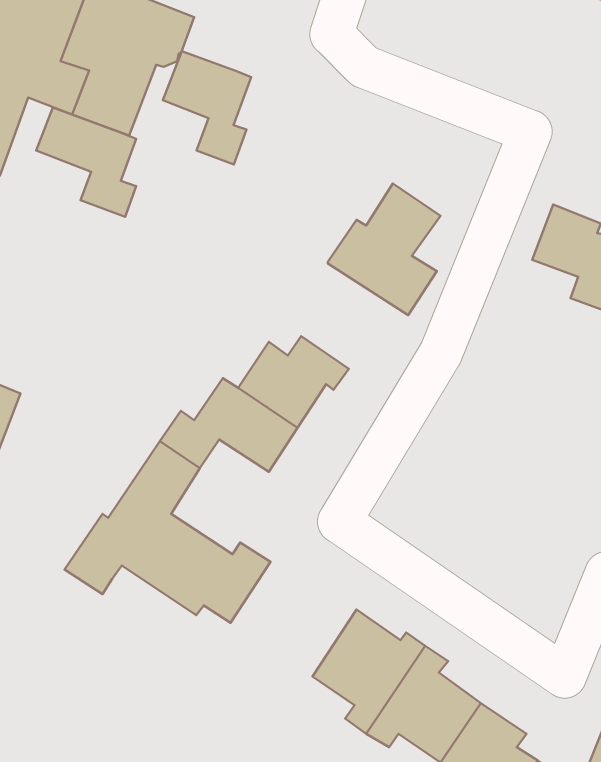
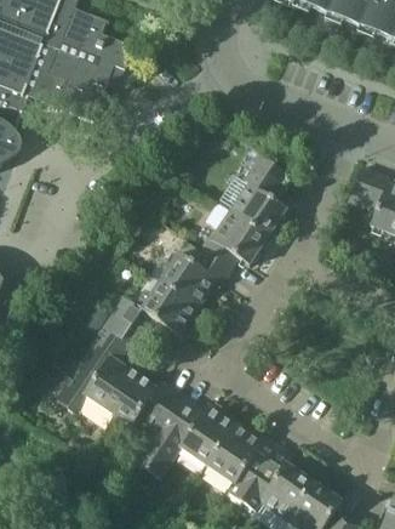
building: [163,51,251,164] -> none
building: [36,108,136,217] -> none
building: none -> [201,203,269,269]
building: none -> [137,392,236,477]

